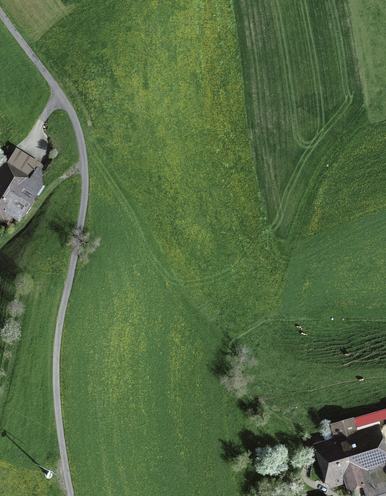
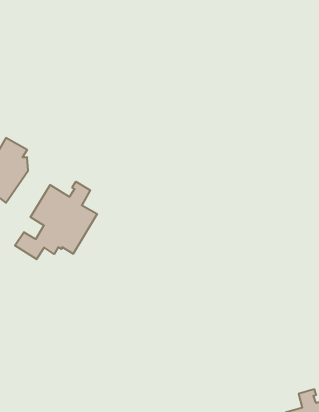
building: none -> [15,182,97,259]

